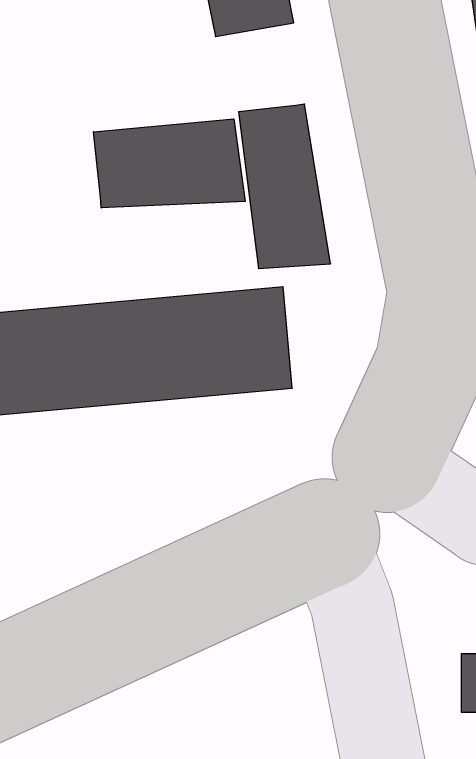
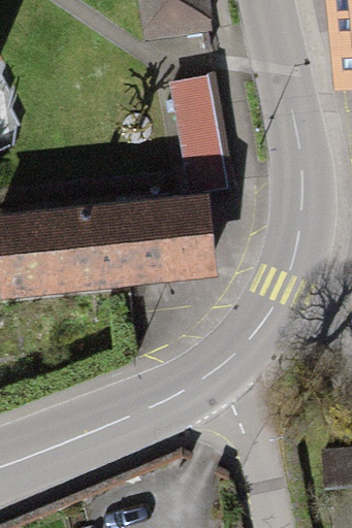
building: [94,119,245,208] -> none

